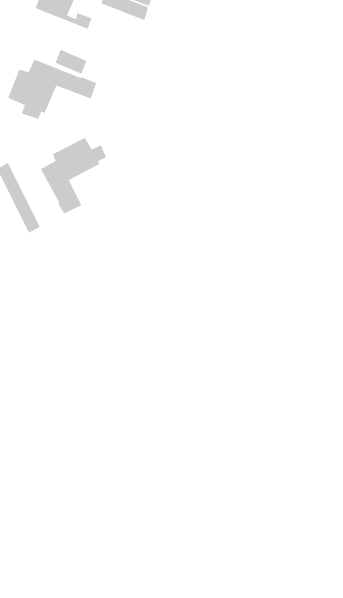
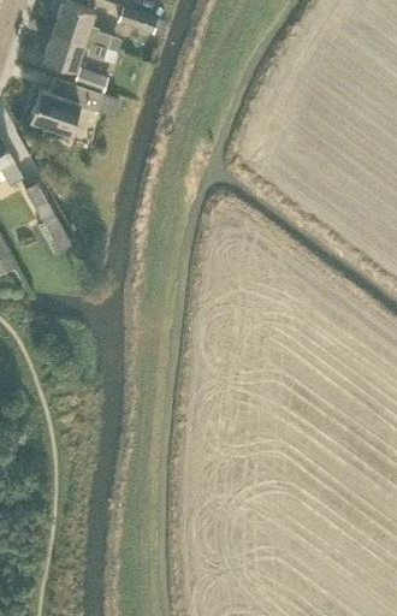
building: none -> [43,31,118,72]
building: [40,137,107,215] -> none

